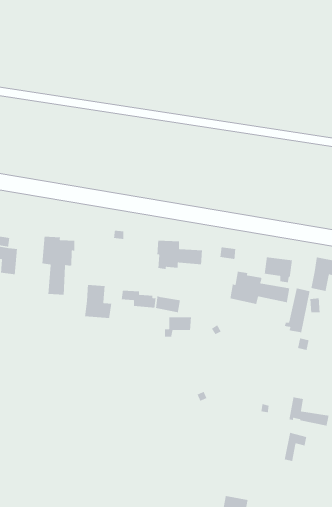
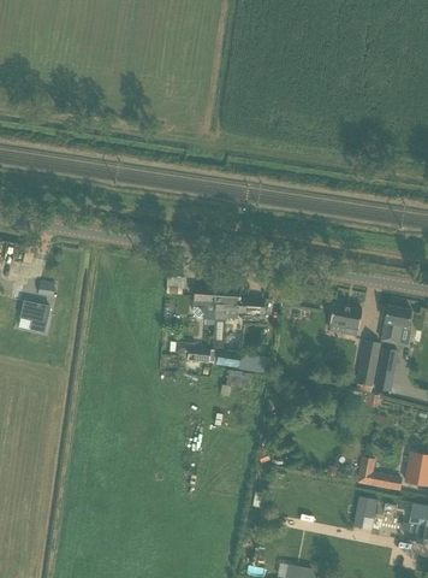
building: [41,236,75,295] -> none
building: none -> [192,287,215,319]
building: [229,271,290,305] -> none
building: [84,284,112,319] -> none

